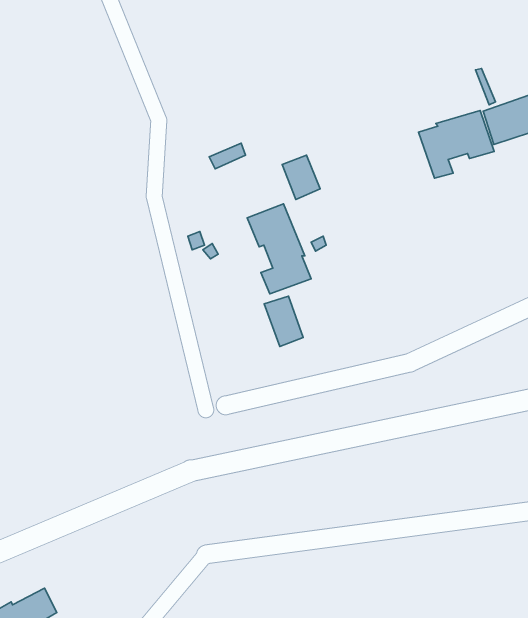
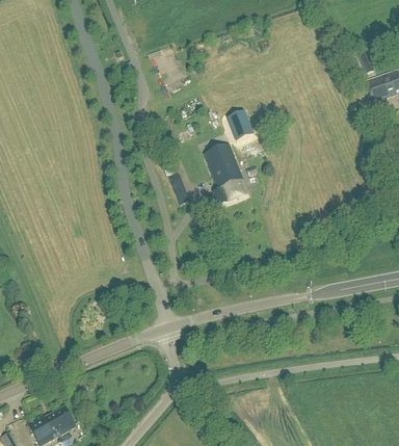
building: [419,110,494,178] -> none
building: [264,296,303,347] -> none

